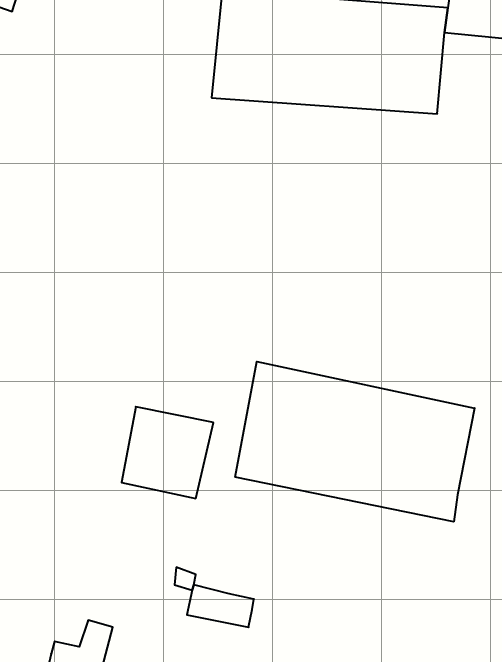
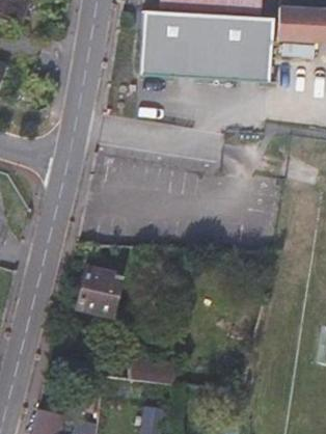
building: [235,362,475,522] -> none

